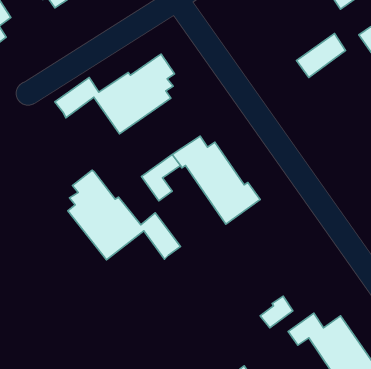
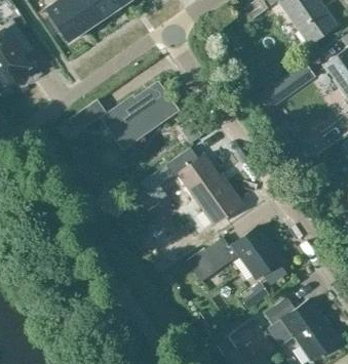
building: [68,170,181,260] -> none
building: none -> [187,226,284,285]

